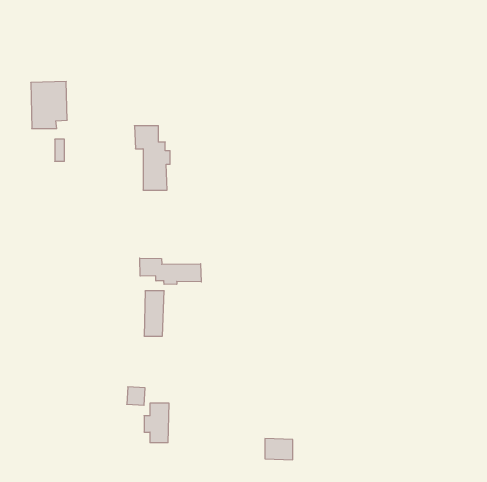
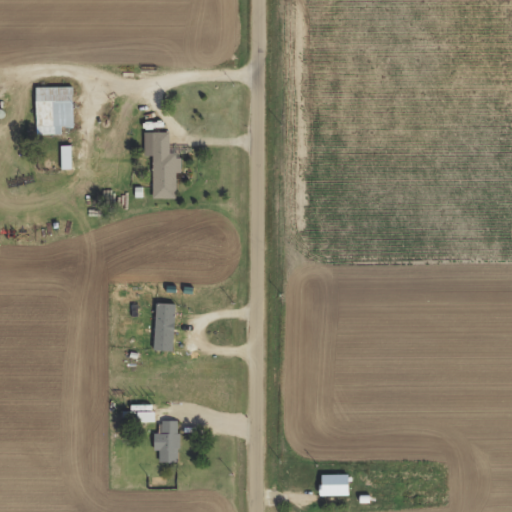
building: [140,258,201,284] -> none
building: [265,439,293,460] -> [319,473,348,495]

